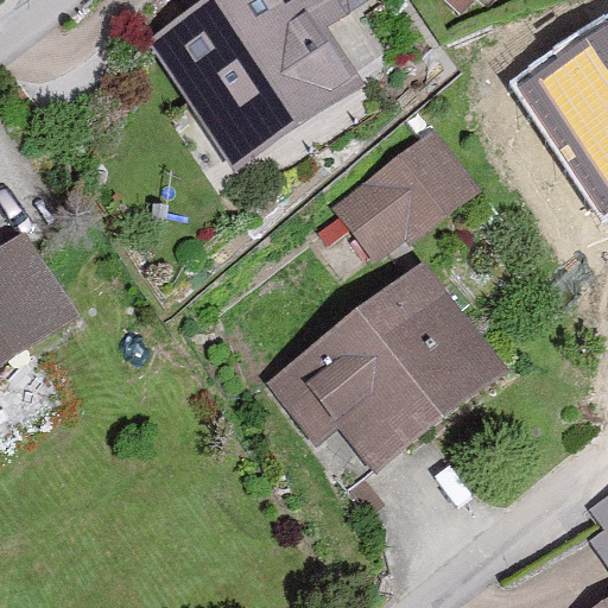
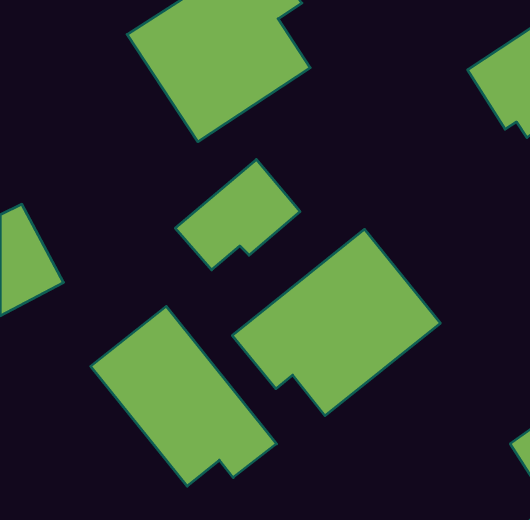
building: [334,128,476,254] -> [175,159,300,270]
building: none -> [91,306,277,486]

